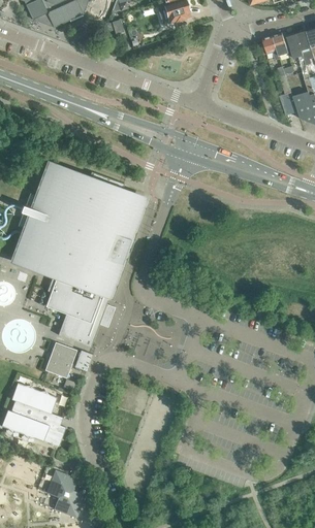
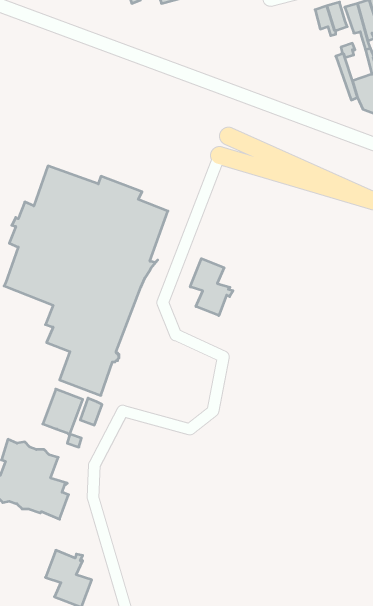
building: none -> [190,259,233,316]

